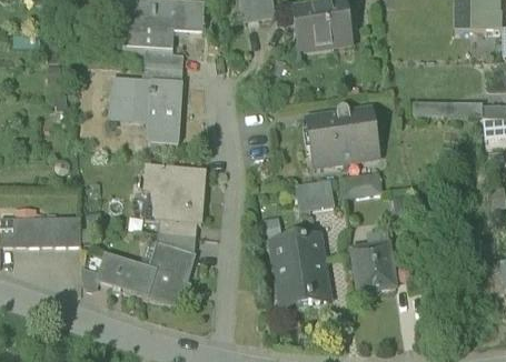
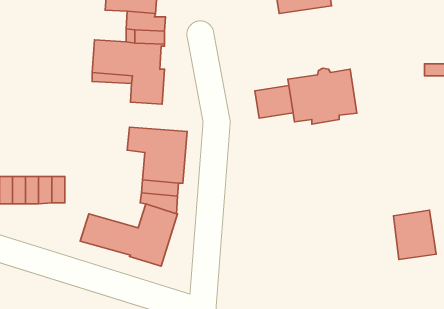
building: [340,171,380,197] -> none
building: [295,178,334,211] -> [255,85,293,118]
building: [271,235,327,304] -> none
building: [351,242,395,292] -> [393,210,436,259]

